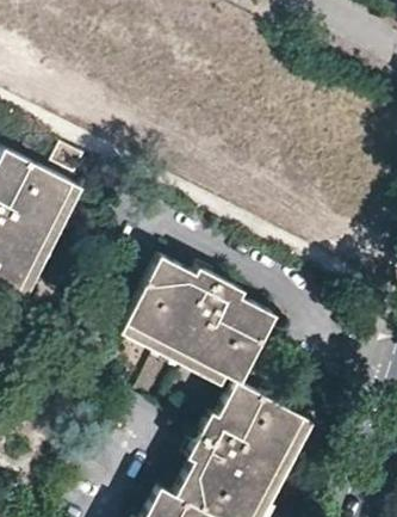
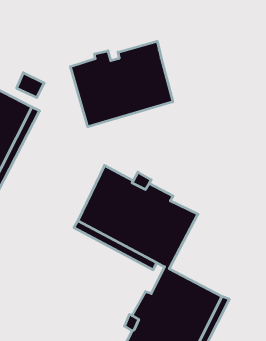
building: none -> [70,41,173,127]

